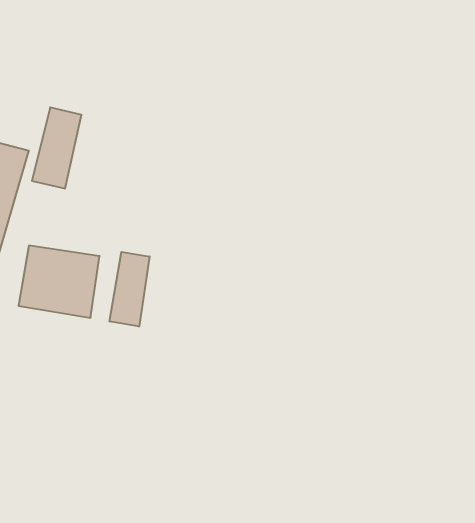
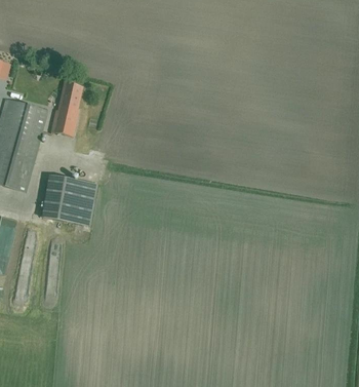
building: [110,252,150,327] -> none

